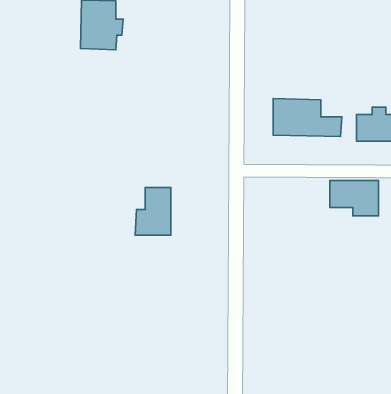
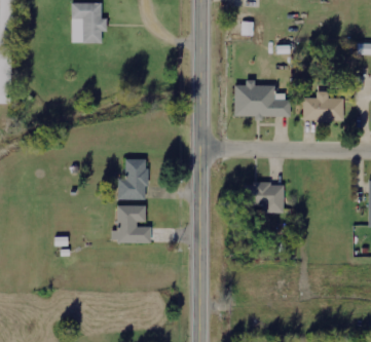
building: [330,181,379,216] -> [244,183,285,213]
building: none -> [112,204,151,242]

